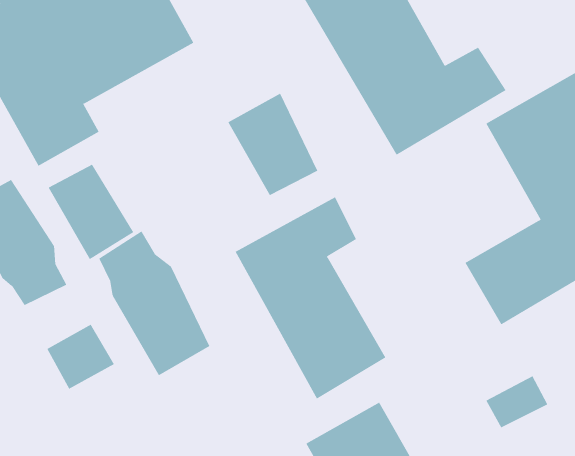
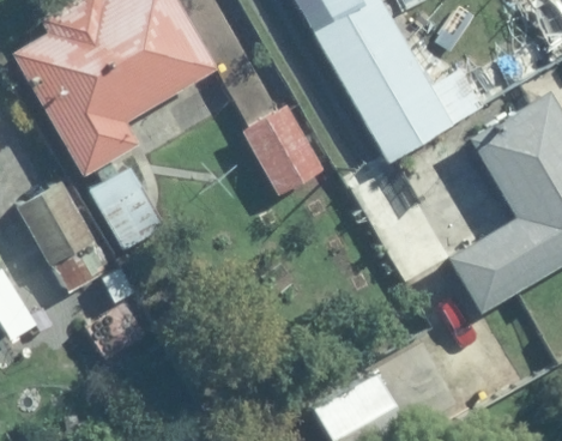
building: [235,197,386,399] -> none
building: [98,230,210,376] -> none

